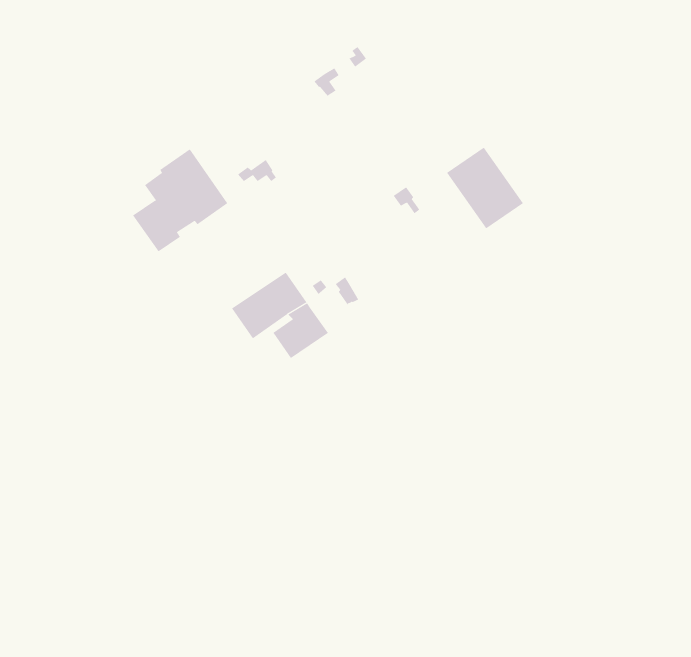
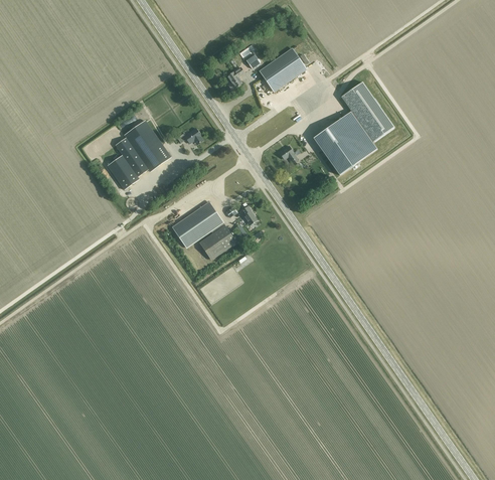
building: none -> [260,48,306,91]
building: none -> [341,82,393,142]

